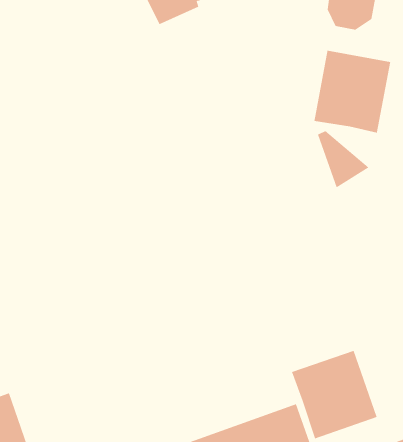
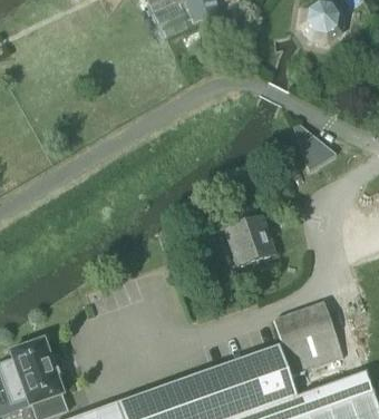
building: [314,50,391,133] -> none
building: none -> [200,207,275,269]

